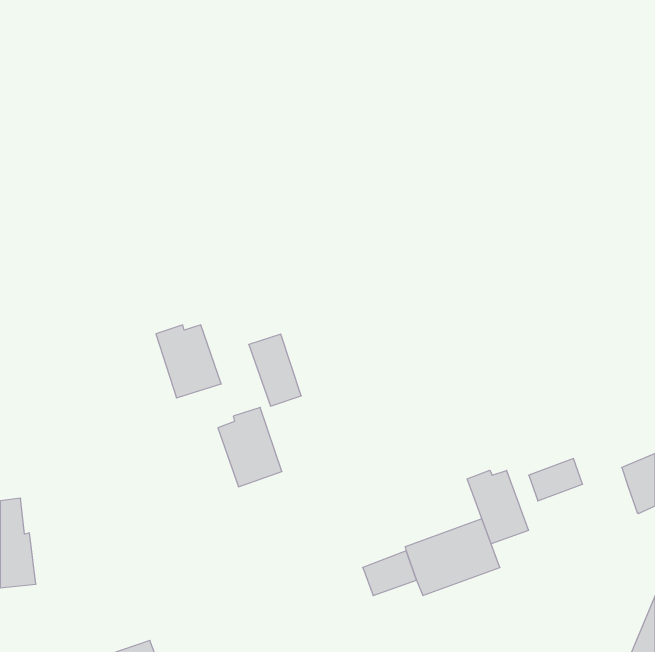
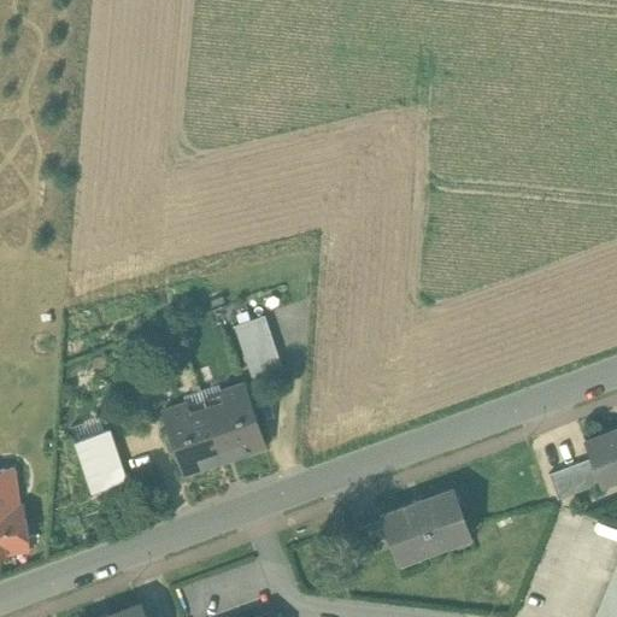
building: [156,325,221,398] -> [163,405,224,474]
building: none -> [76,431,124,493]
building: [529,459,583,501] -> [548,460,599,500]
building: [467,470,529,544] -> none

